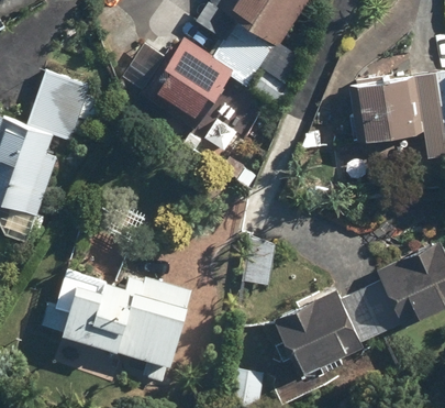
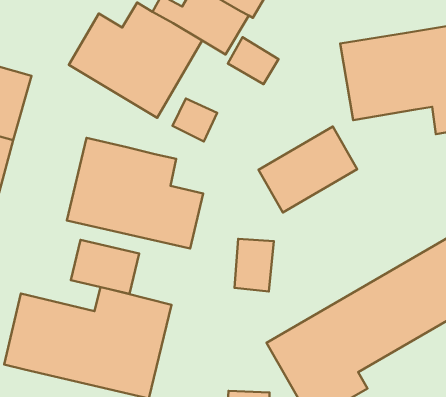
building: none -> [67,138,203,248]
building: none -> [259,127,357,212]
building: none -> [71,240,139,294]

